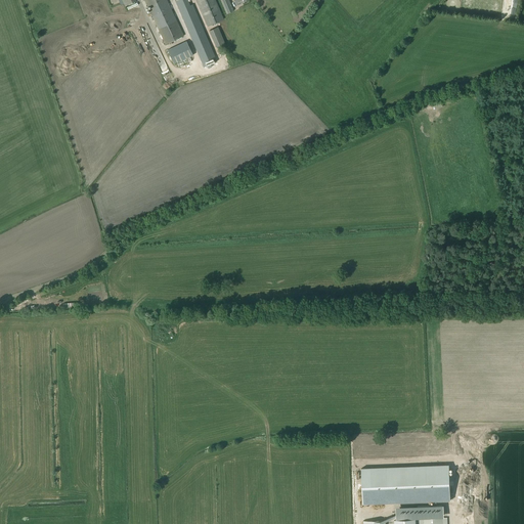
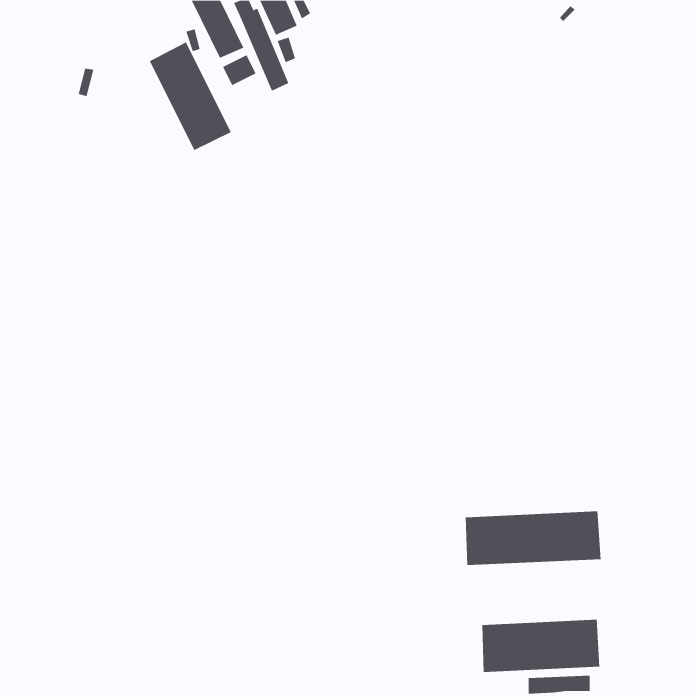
building: none -> [149,42,232,151]
building: none -> [465,511,601,566]

